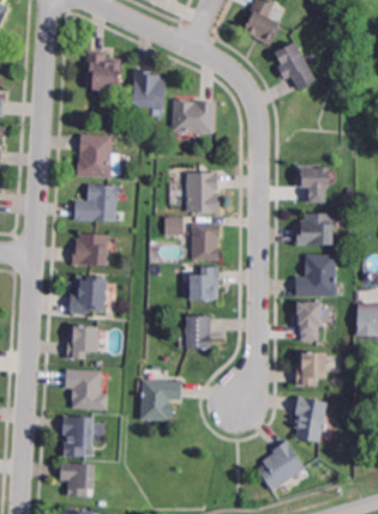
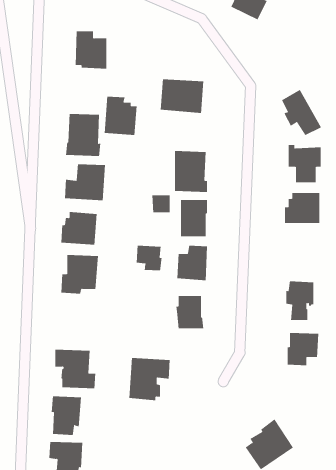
building: [274,43,314,90] -> [281,89,322,136]
building: [131,71,164,110] -> [104,96,137,136]
building: [294,256,335,298] -> none
building: none -> [136,245,162,271]
building: [65,326,97,361] -> none
building: [293,394,326,441] -> none

